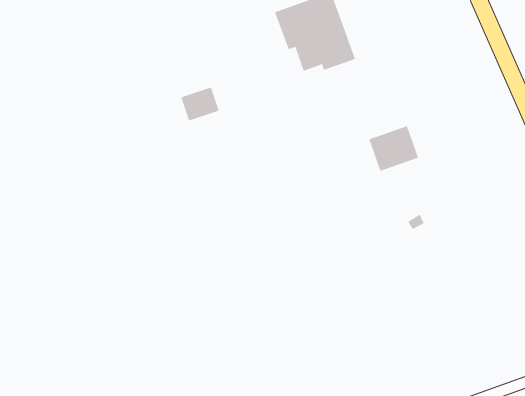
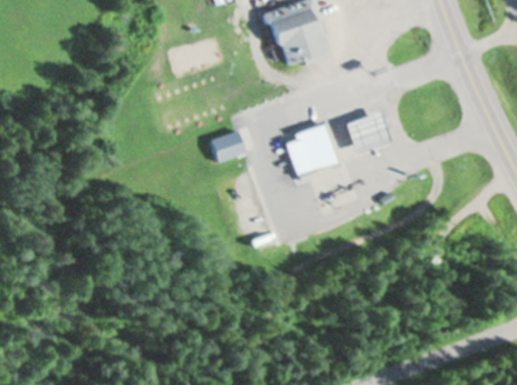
building: [181,87,220,121] -> [209,129,244,160]
building: none -> [285,123,336,180]

